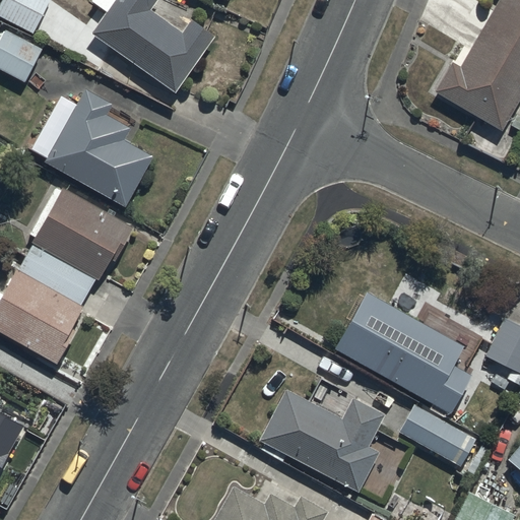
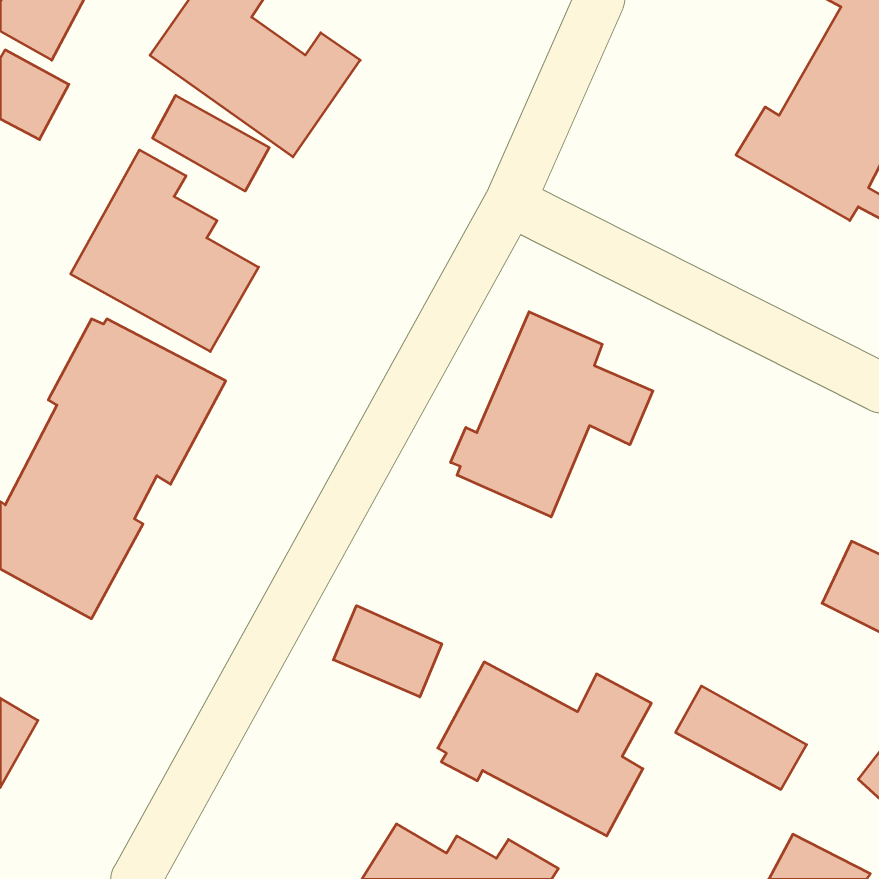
building: none -> [153,95,269,191]
building: none -> [451,312,653,517]
building: [334,294,472,413] -> none
building: none -> [333,606,442,697]

